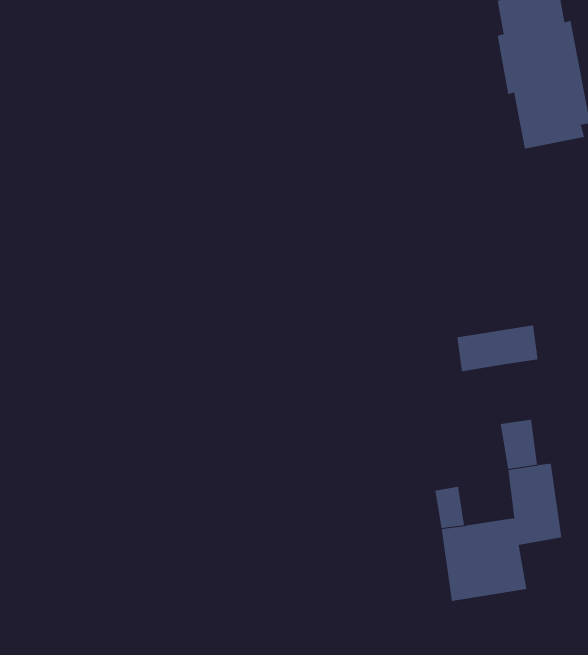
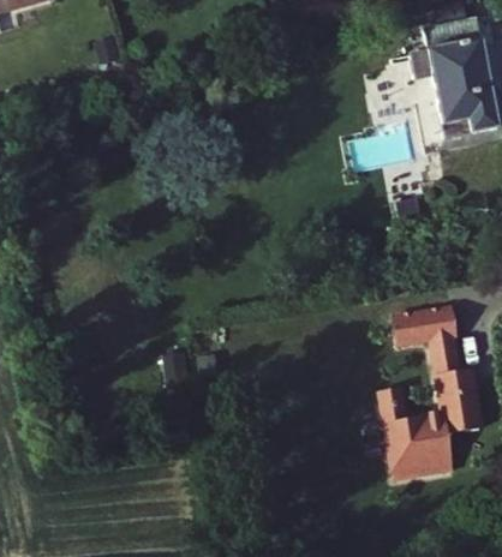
building: [456,325,538,372] -> [389,313,454,351]

